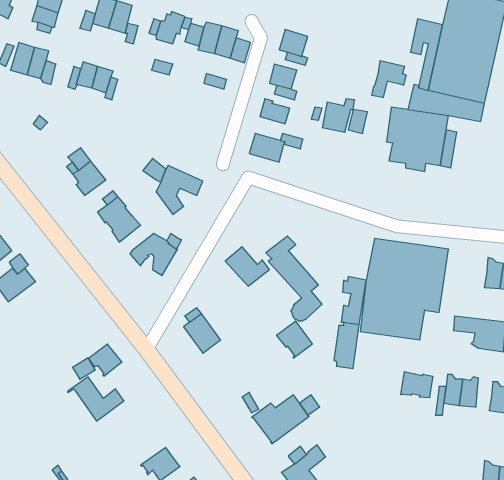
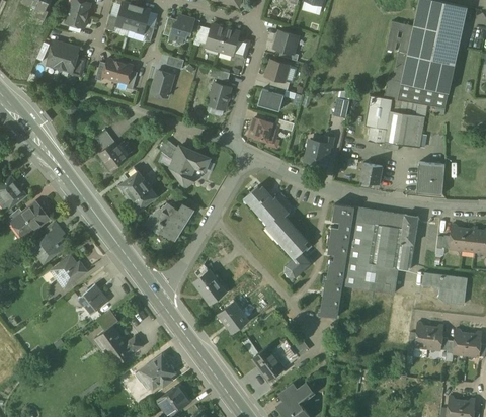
building: [372,61,406,98] -> none
building: none -> [152,71,174,97]
building: none -> [209,82,231,109]
building: [322,99,355,132] -> [306,137,333,165]
building: none -> [360,161,385,184]
building: none -> [417,161,446,194]
building: none -> [330,203,354,243]
building: [225,247,269,286] -> [244,186,281,220]
building: none -> [52,255,87,286]
building: [277,321,312,358] -> [218,303,248,334]
building: [88,344,122,376] -> [79,285,107,313]
building: [401,372,433,398] -> none
building: none -> [138,353,174,388]

